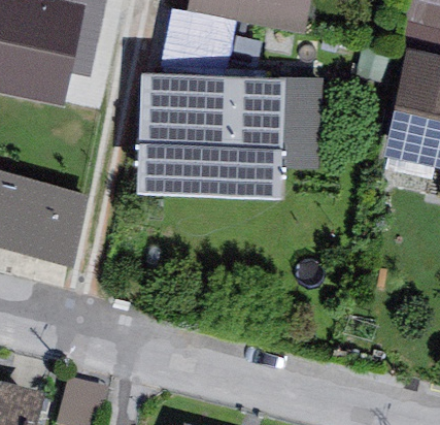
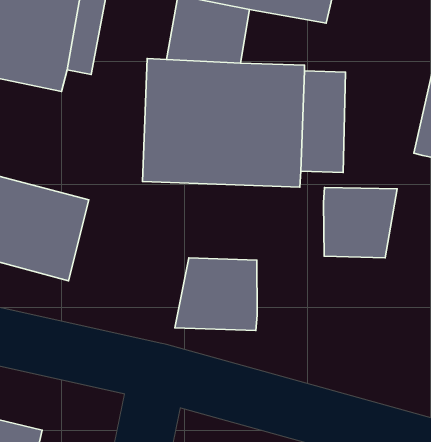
building: none -> [324,187,397,258]
building: none -> [175,258,257,330]

